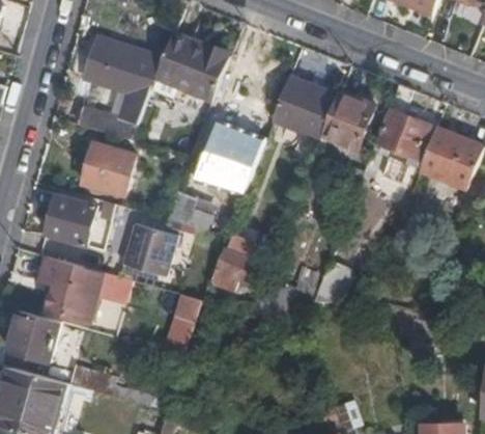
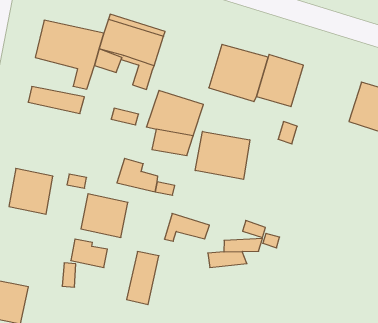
building: [375,84,427,165] -> none
building: [80,141,135,194] -> none
building: none -> [195,131,250,179]
building: [54,260,103,321] -> none

